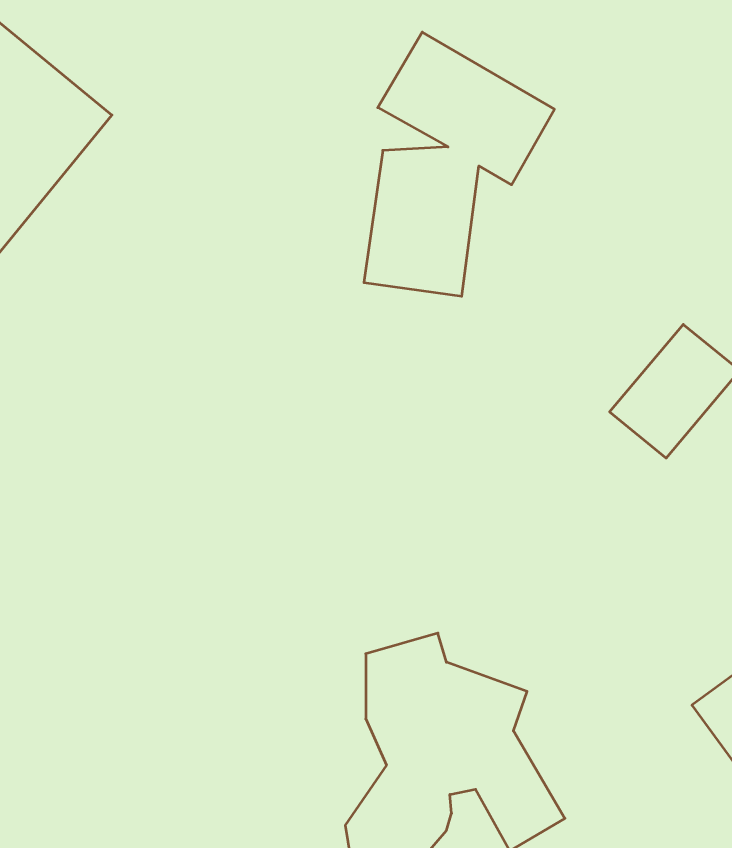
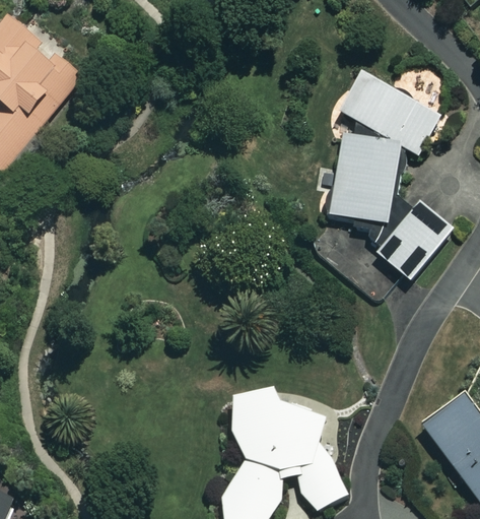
building: [364,32,554,296] -> [331,66,443,222]

